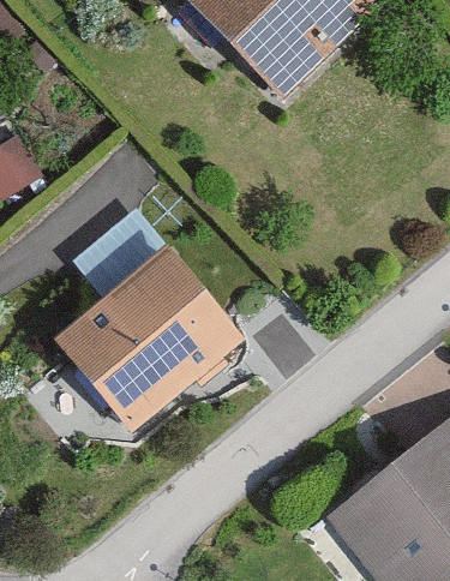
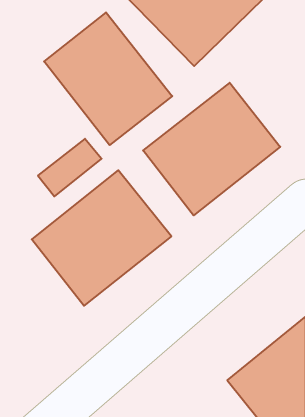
building: none -> [44,12,172,145]
building: none -> [143,83,280,215]

